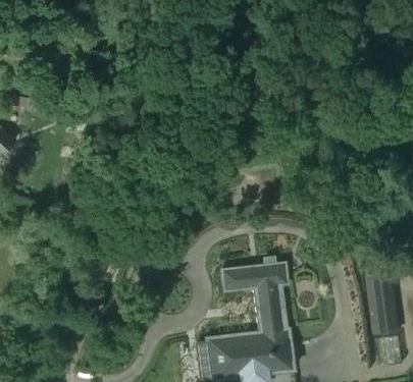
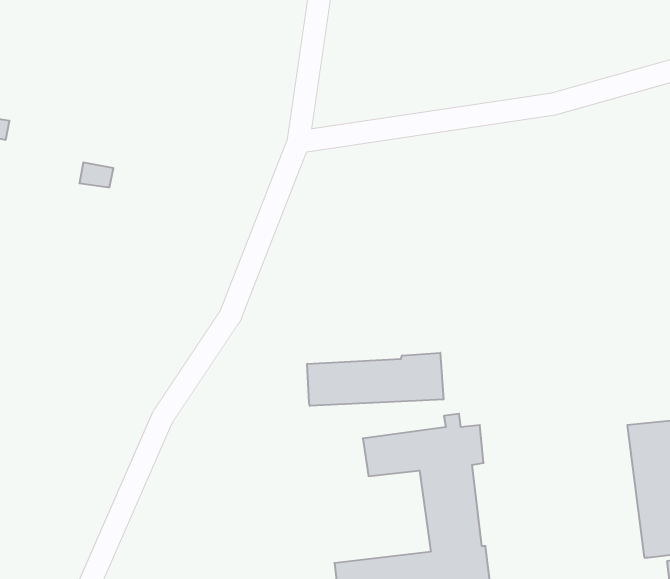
building: none -> [307,353,444,406]

